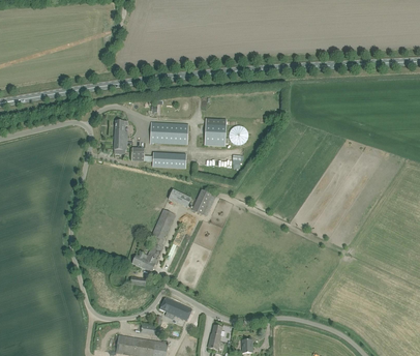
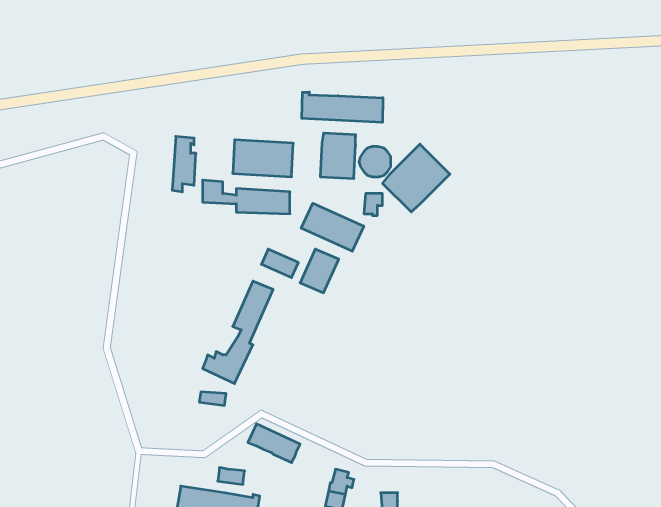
building: none -> [302,92,383,122]
building: none -> [383,144,450,212]
building: none -> [301,203,364,251]

